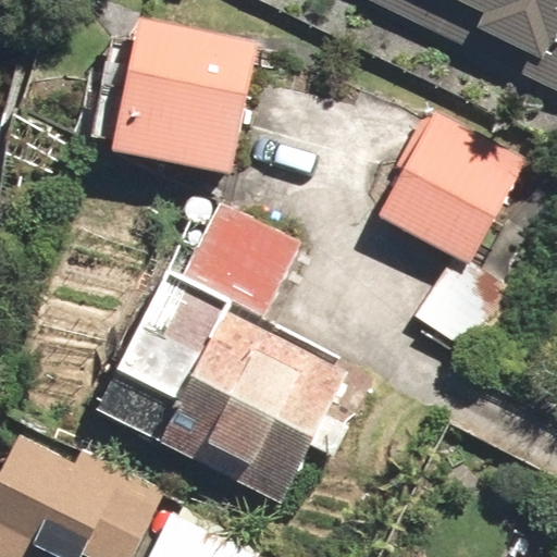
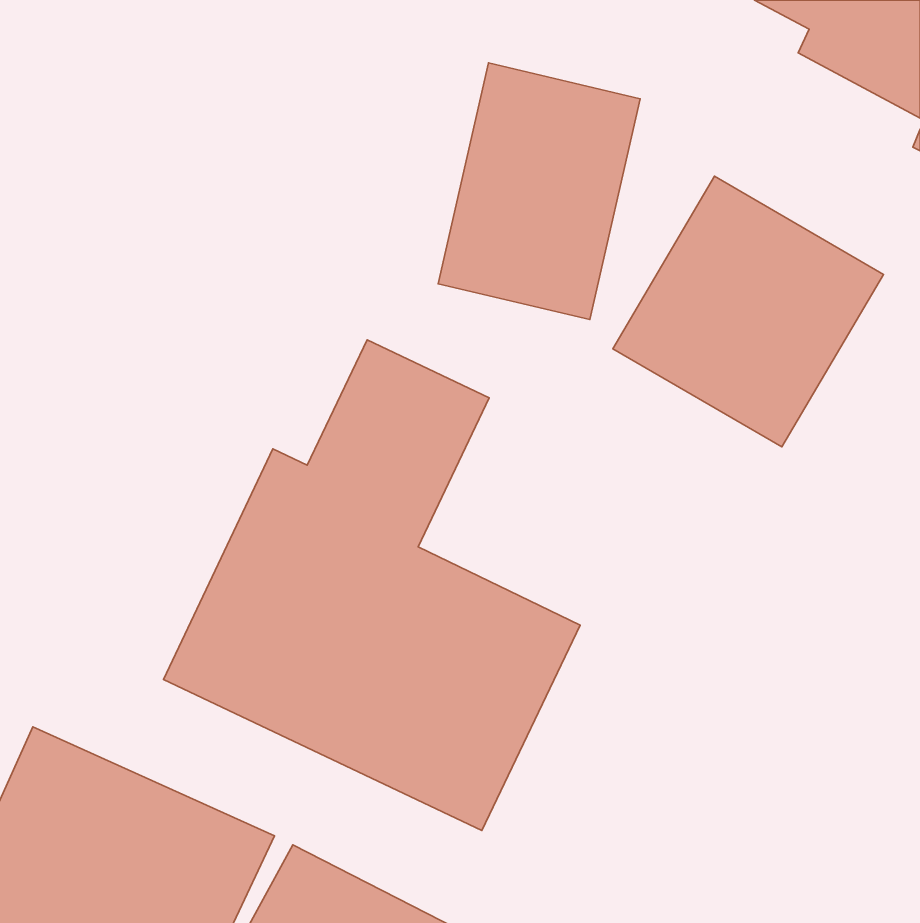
building: [110,15,256,171] -> none
building: none -> [438,63,640,320]

